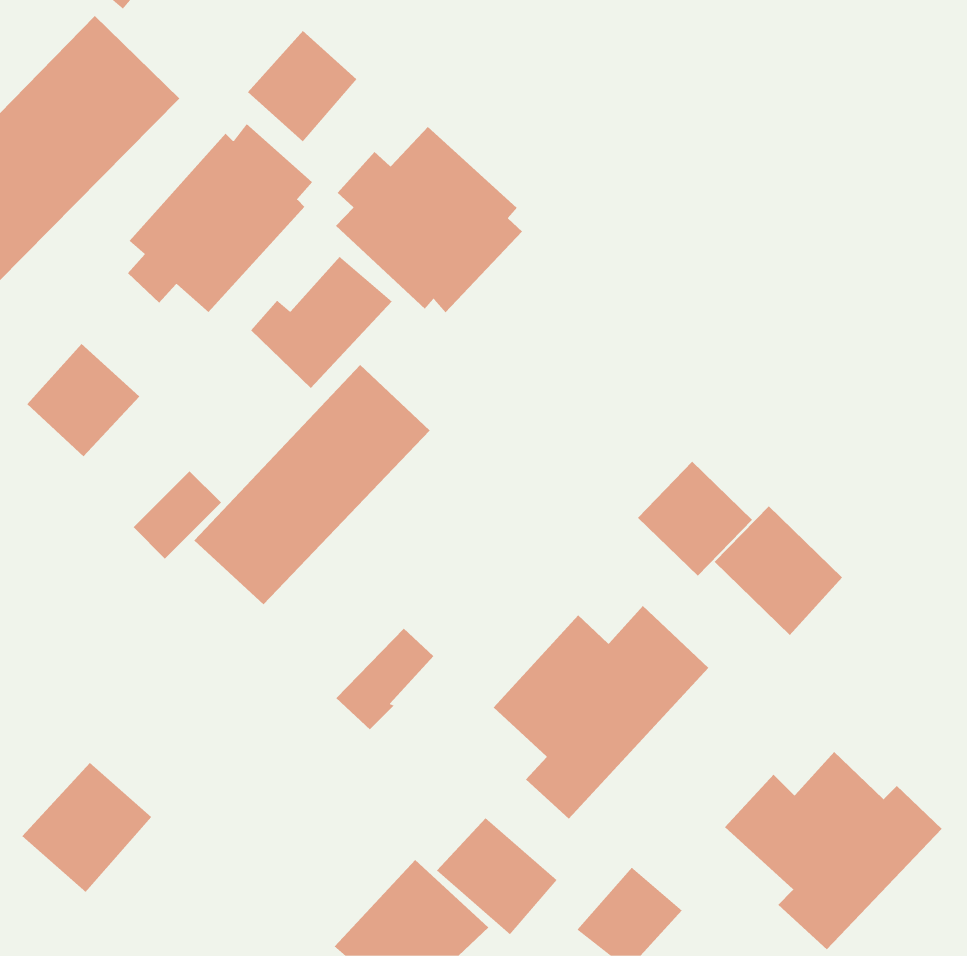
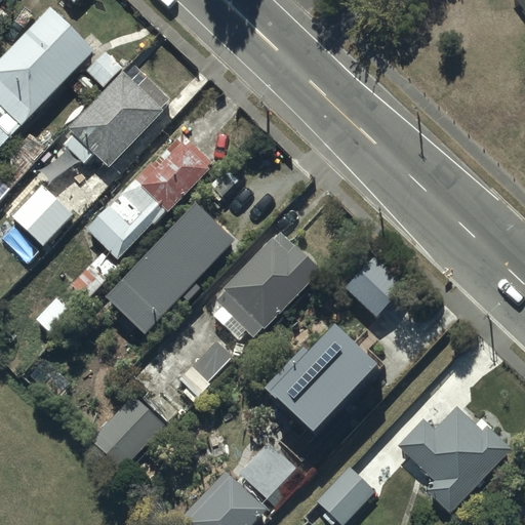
building: [247,30,357,142] -> none
building: [335,126,523,313] -> none
building: none -> [86,178,168,261]
building: none -> [211,233,319,340]
building: [714,506,843,636] -> none
building: [21,762,152,893] -> [96,395,167,466]

